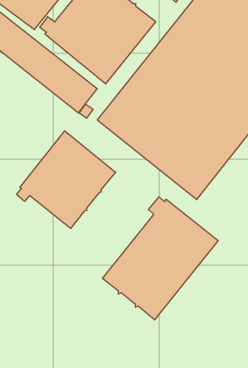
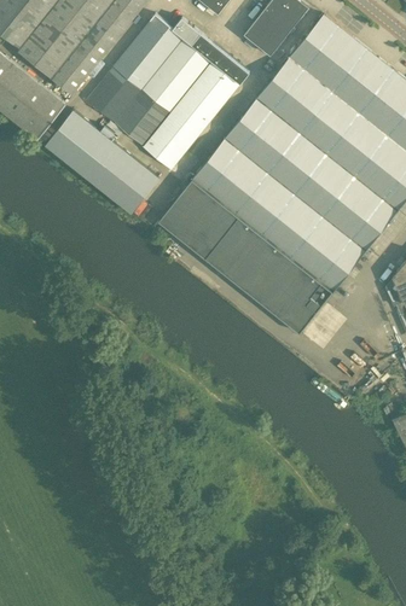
building: [16,131,116,229] -> none
building: [102,197,218,320] -> none

